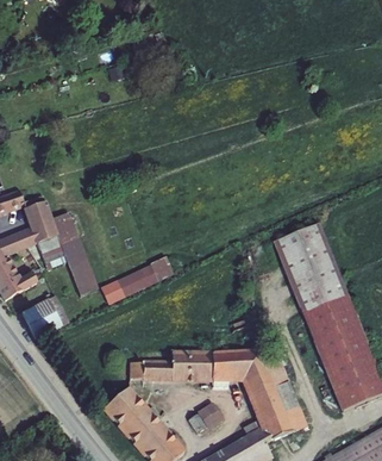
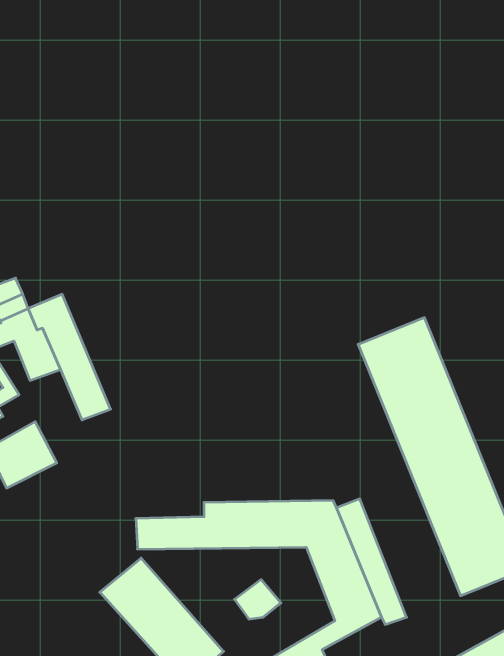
building: [111,251,183,300] -> none

